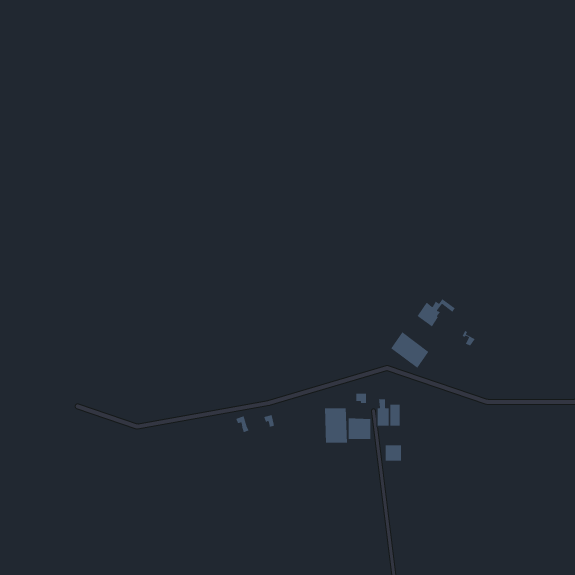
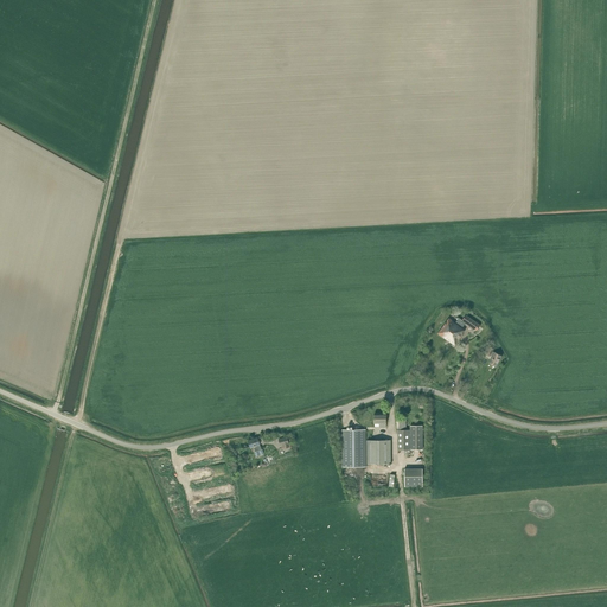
building: [390,331,430,369] -> none

